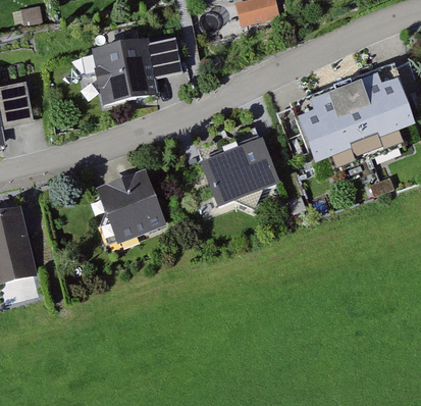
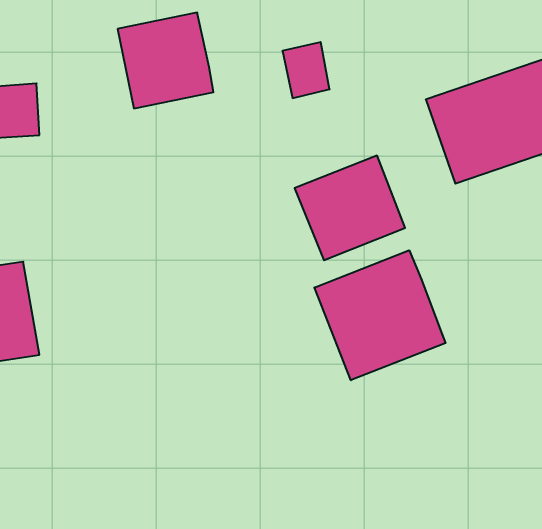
building: [140,39,172,78] -> [282,42,330,98]
building: [98,174,164,241] -> none
building: none -> [314,250,446,380]

